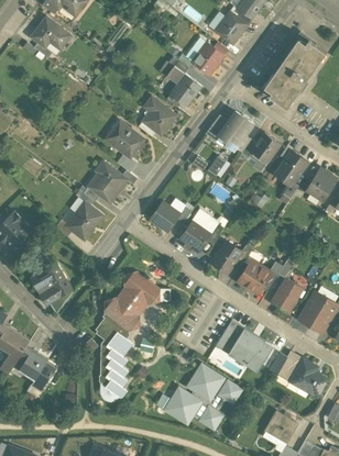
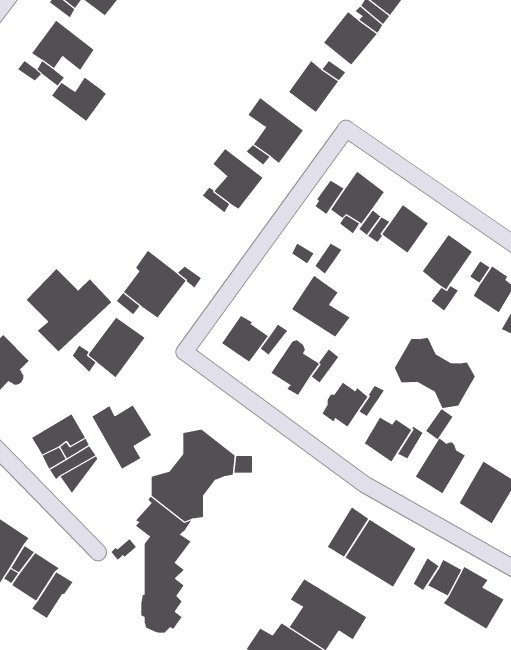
building: [261,33,326,107] -> none
building: none -> [51,77,107,122]
building: [108,120,143,156] -> none
building: none -> [26,268,112,352]
building: none -> [291,275,350,338]
building: none -> [394,337,475,409]
building: none -> [92,404,152,469]

